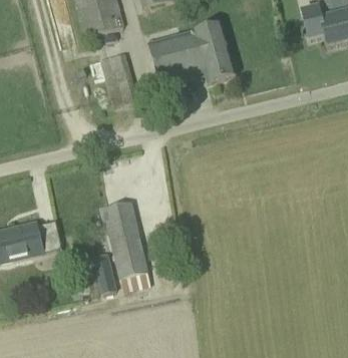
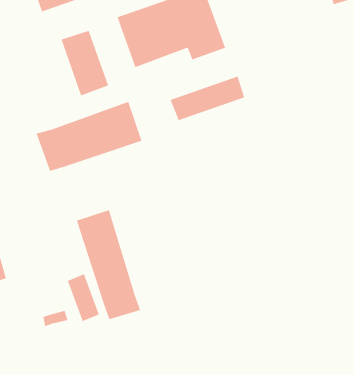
building: none -> [170,75,245,121]
building: none -> [36,101,143,172]

